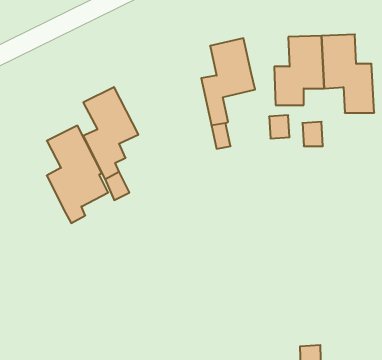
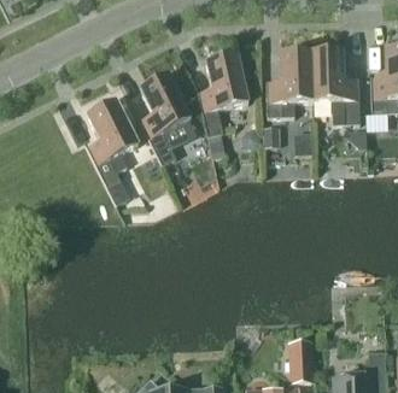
building: [47,126,108,223] -> [140,72,198,164]

